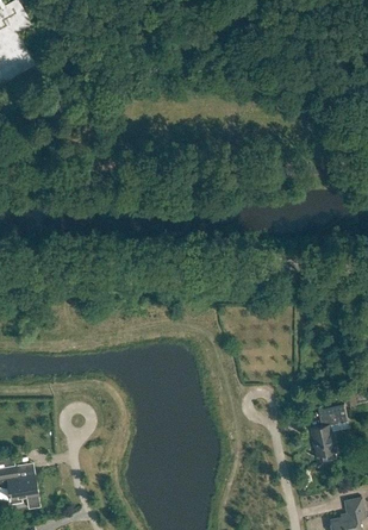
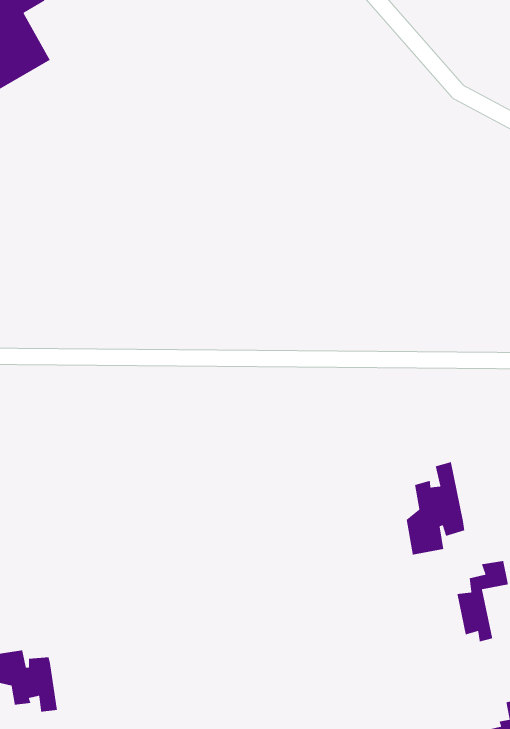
building: none -> [406,461,465,556]

